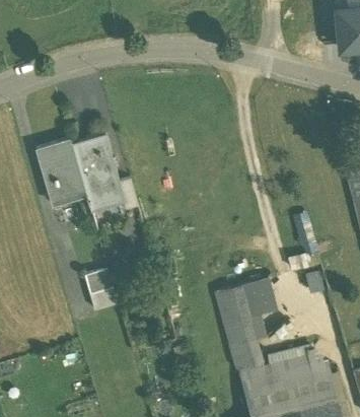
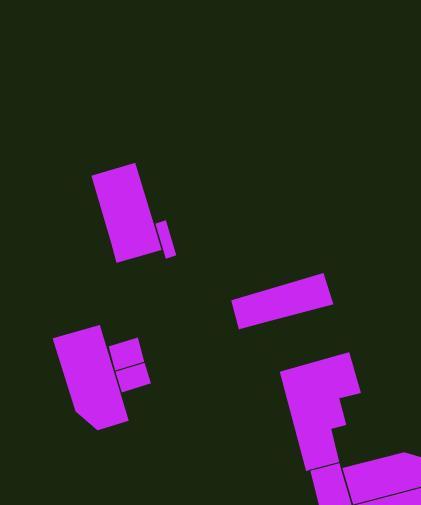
building: [37,140,87,207] -> none
building: none -> [230,272,334,330]
building: none -> [52,324,130,431]

